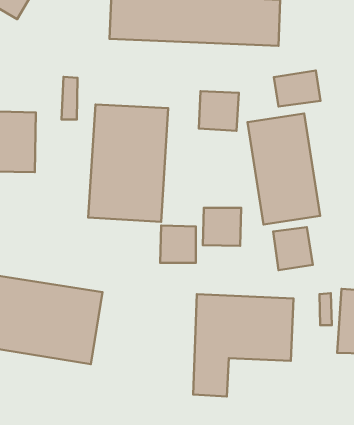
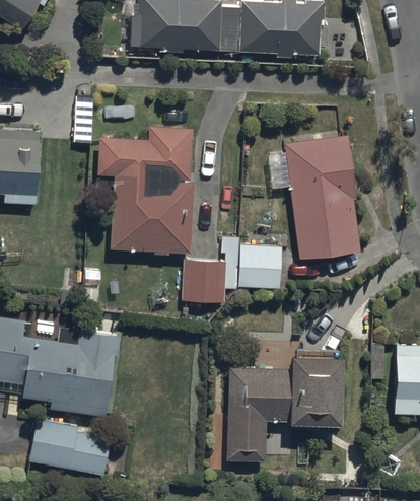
building: [274,71,320,107] -> none
building: [199,91,239,131] -> none
building: [273,227,313,270] -> none
building: none -> [25,415,110,474]

